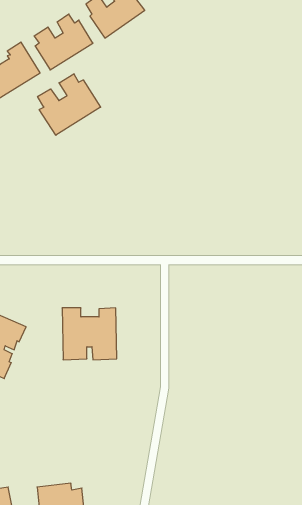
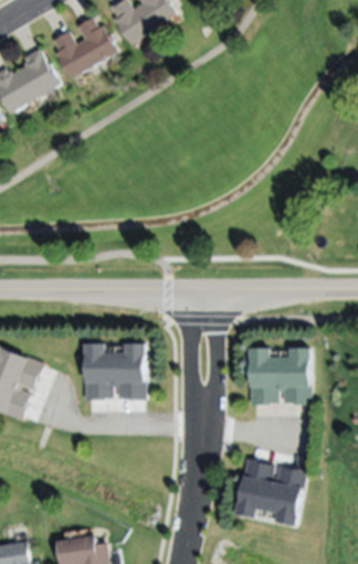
building: [38,74,101,135] -> none
building: none -> [249,348,308,404]
building: none -> [233,459,304,526]

